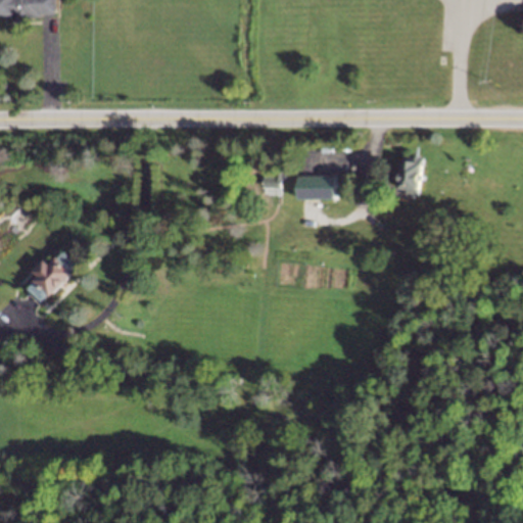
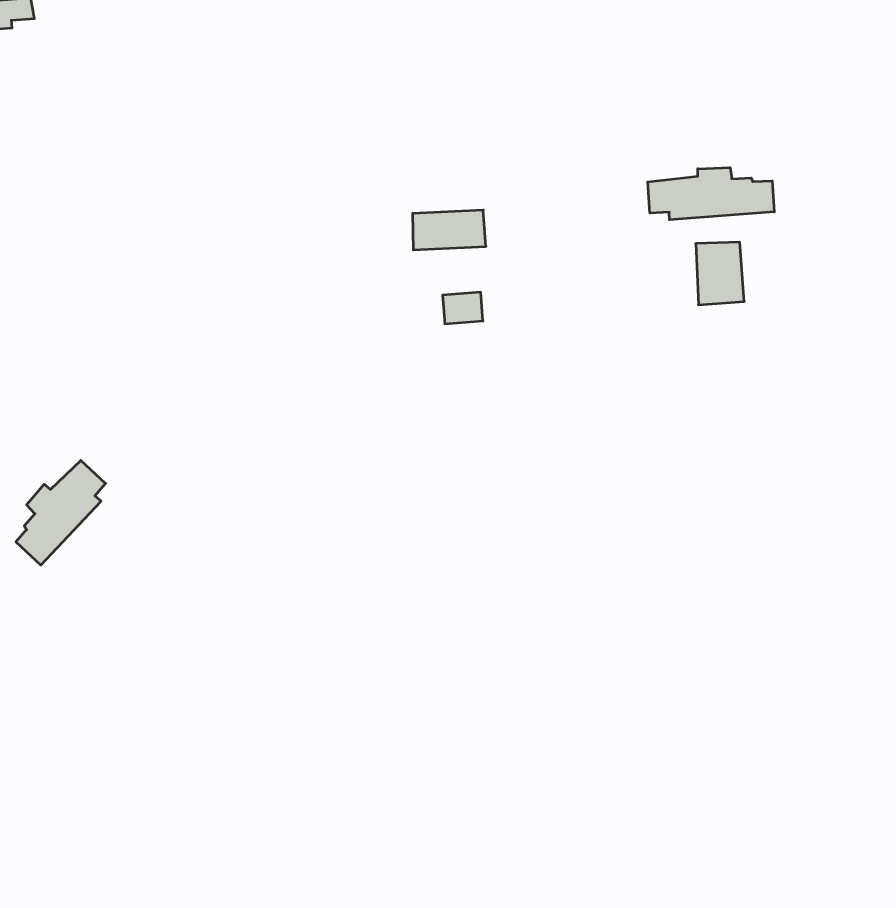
building: none -> [648,168,774,220]
building: [294,175,333,195] -> [413,210,486,250]

